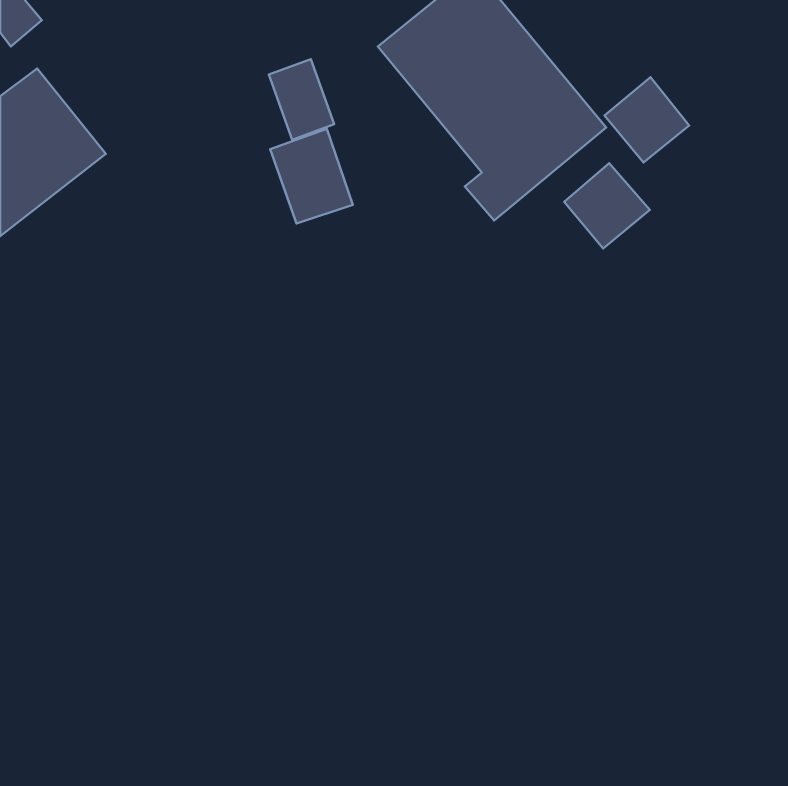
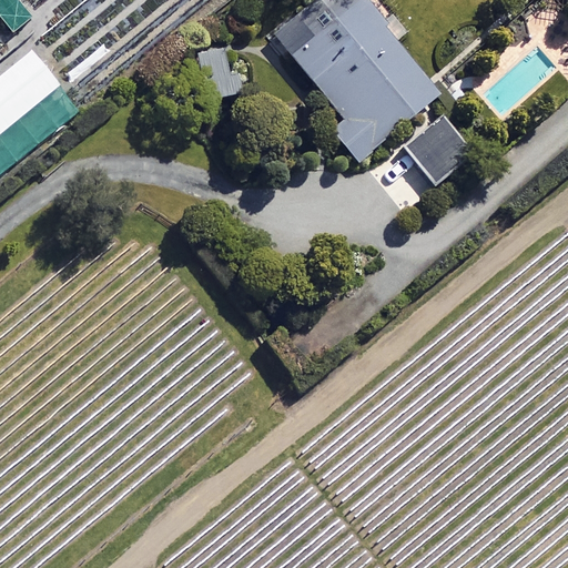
building: [604,77,689,162] -> none
building: [270,129,353,223] -> none

